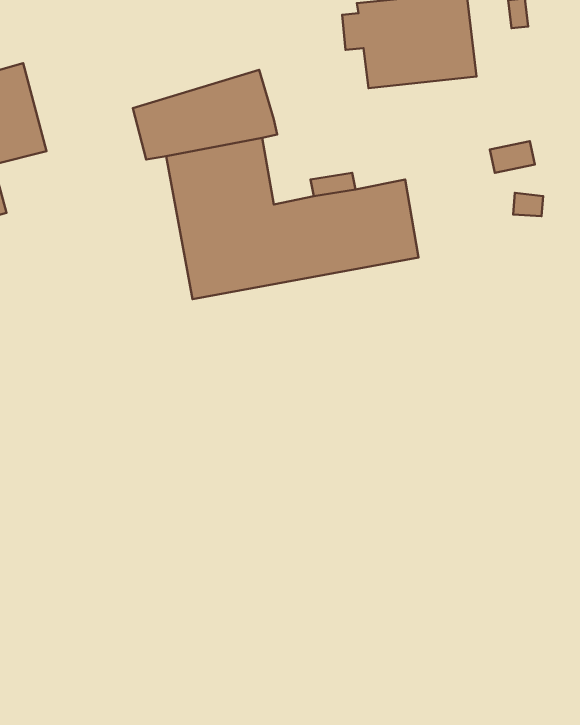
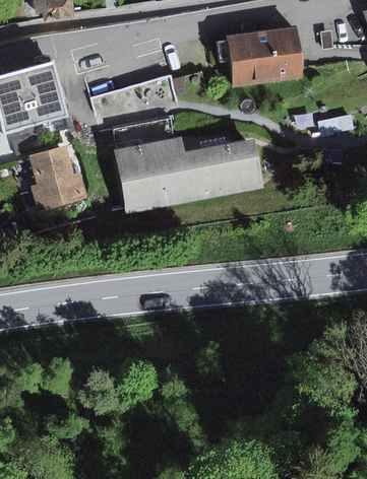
building: none -> [22,61,67,123]
building: none -> [28,144,87,212]

